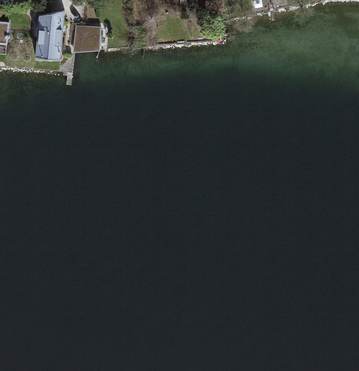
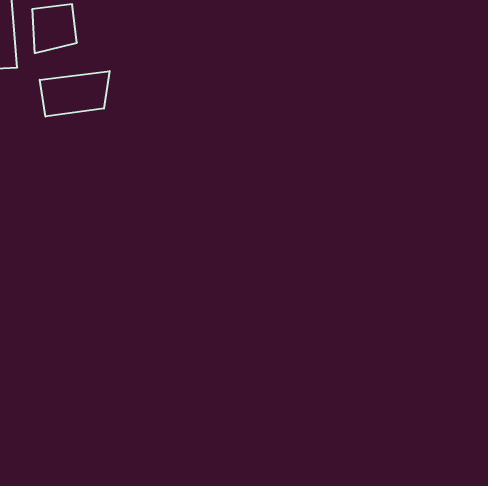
building: none -> [40,71,110,117]

